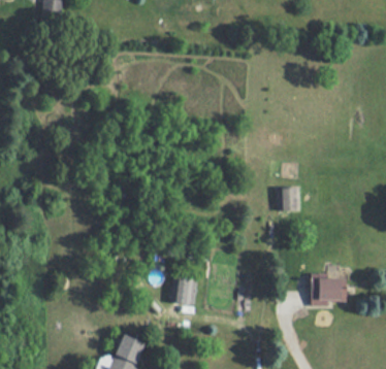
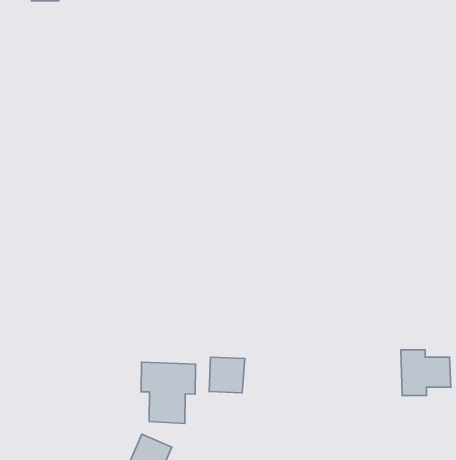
building: [278,187,300,211] -> none
building: none -> [141,362,195,424]

